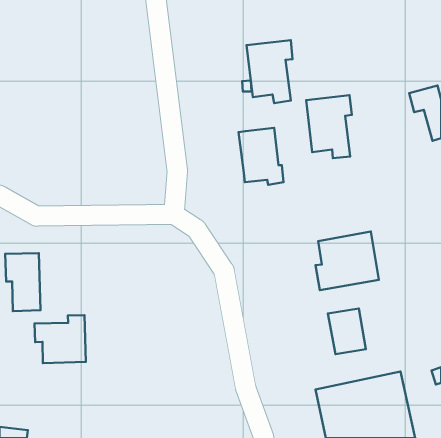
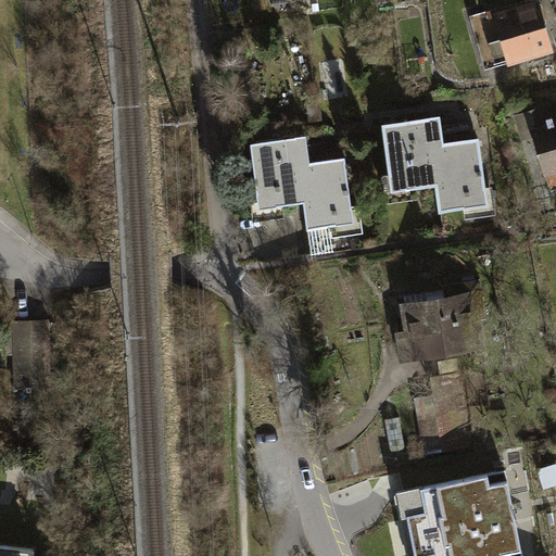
building: none -> [470,4,549,71]
building: [247,40,292,103] -> [251,141,308,220]
building: none -> [433,140,490,211]
building: [34,315,86,363] -> none

